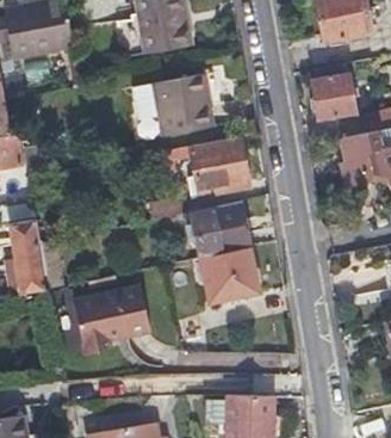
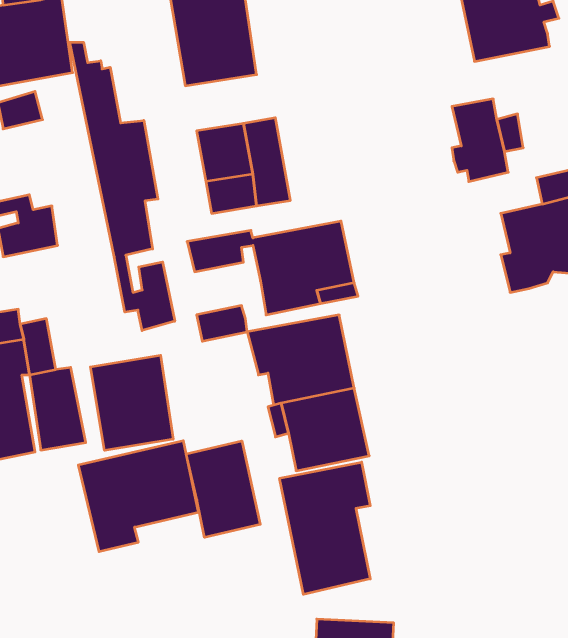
building: none -> [70,42,175,331]
building: none -> [90,355,173,450]
building: none -> [186,441,260,537]
building: none -> [280,462,370,594]

